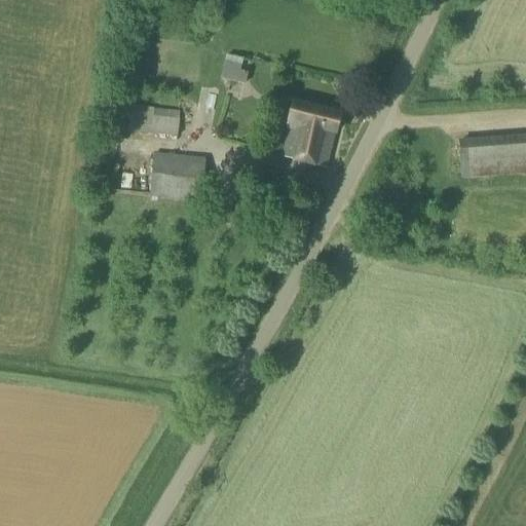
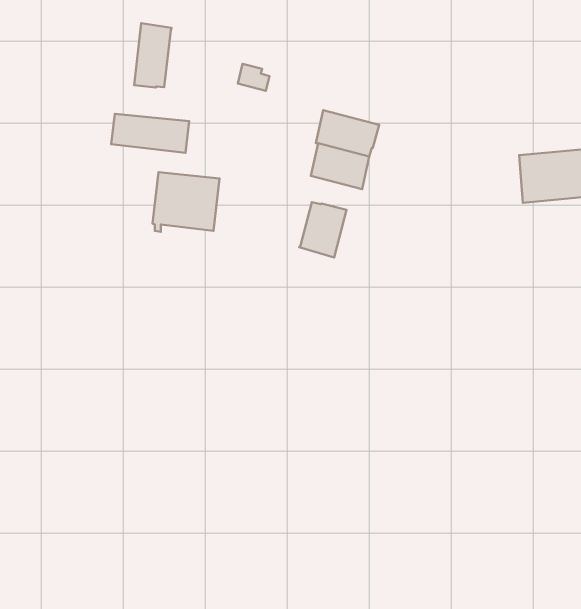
building: none -> [134,23,172,88]
building: none -> [299,202,346,257]

